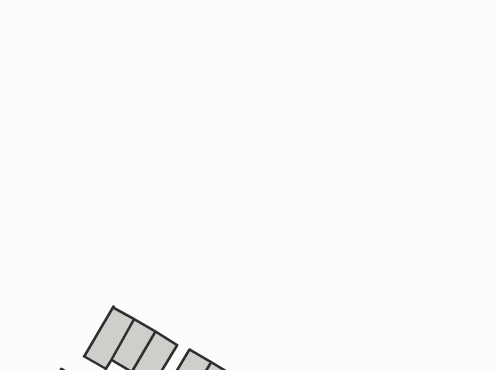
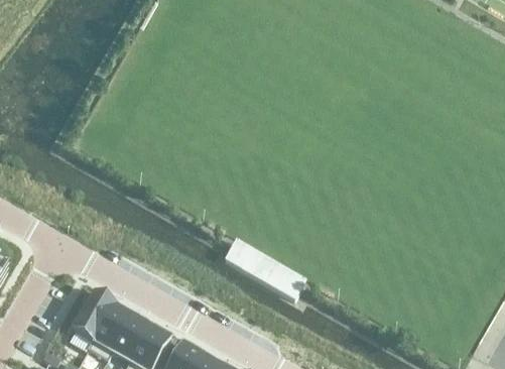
building: none -> [76,291,116,347]

